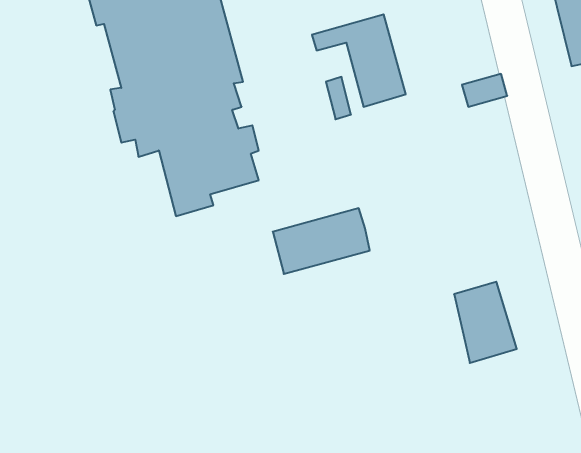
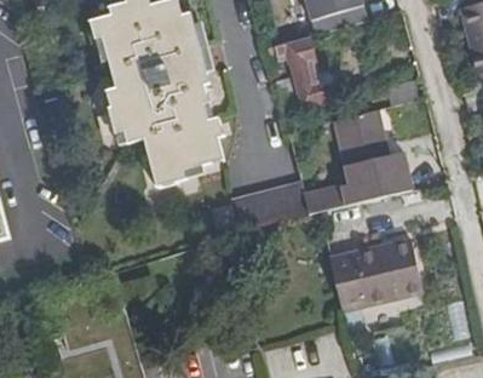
building: none -> [309,108,414,218]
building: none -> [333,248,390,315]

